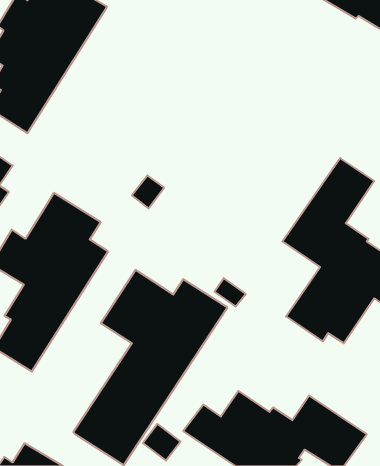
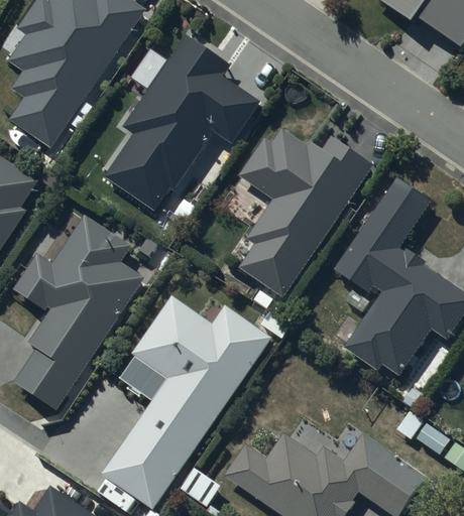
building: none -> [101,36,265,211]
building: none -> [235,129,374,296]

